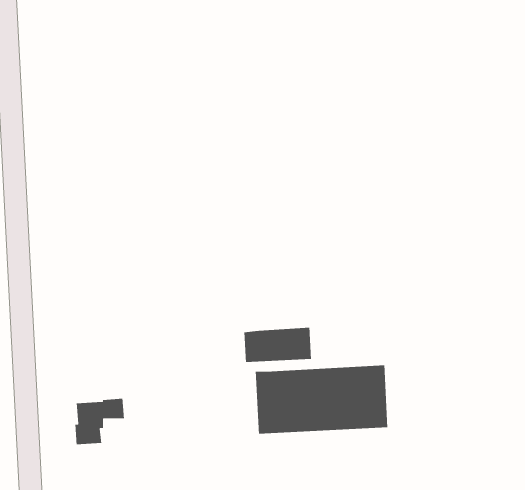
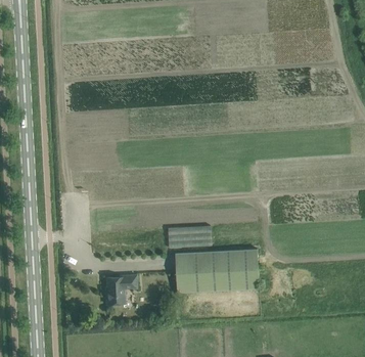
building: [74,398,125,445] -> [104,275,136,305]

